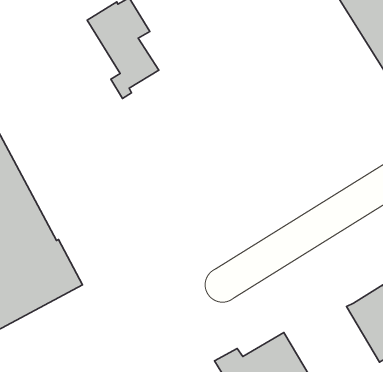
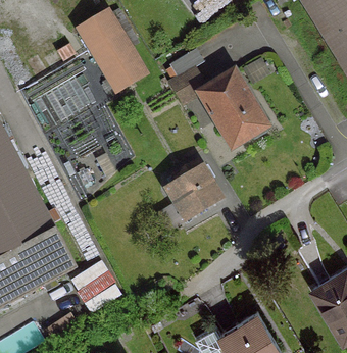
building: none -> [169,48,266,147]
building: none -> [166,159,221,220]

